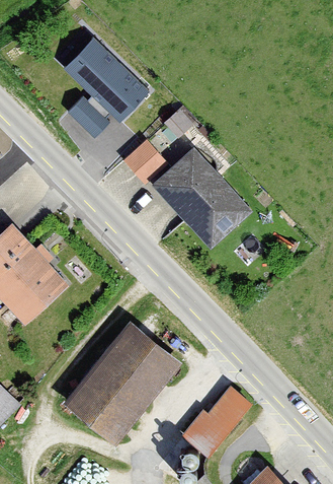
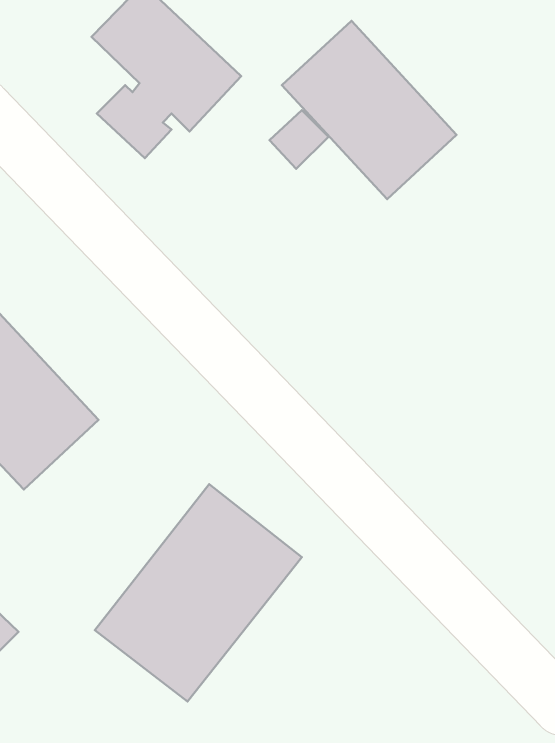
building: [124,141,164,182] -> none
building: [154,148,253,250] -> [282,21,457,199]
building: [182,388,252,457] -> none

